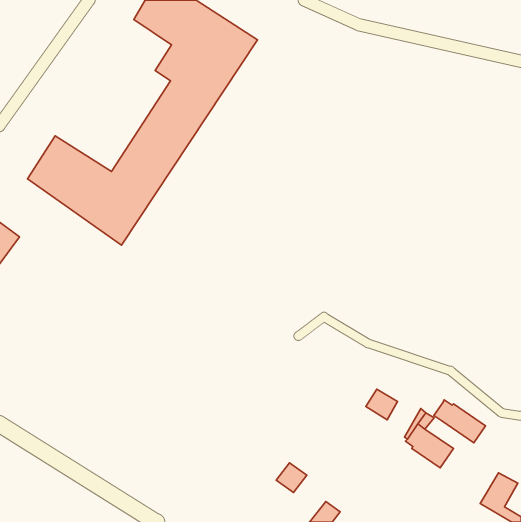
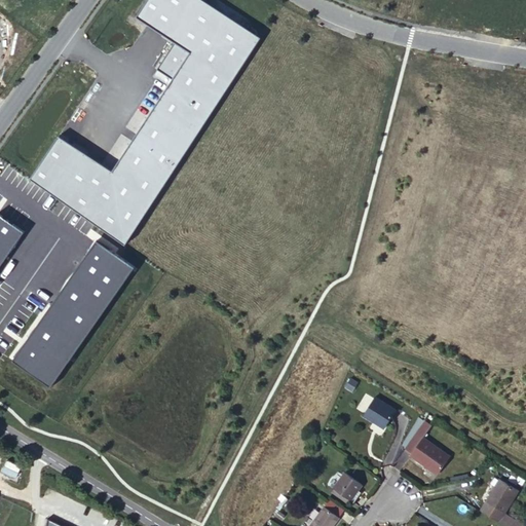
building: none -> [10,242,132,388]
building: [434,400,485,443] -> none
building: [276,463,307,493] -> [335,468,366,498]

